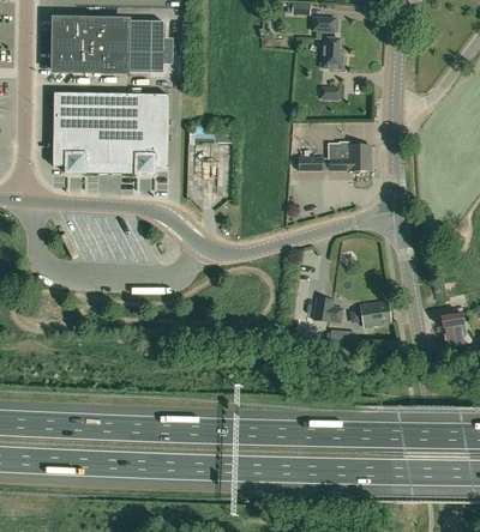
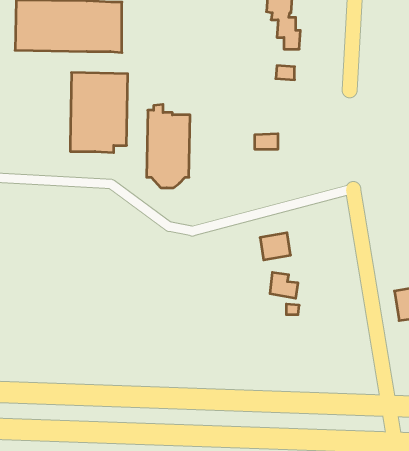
building: [52,91,110,173] -> none
building: [329,140,370,173] -> none
building: [359,298,390,326] -> [260,233,291,260]

